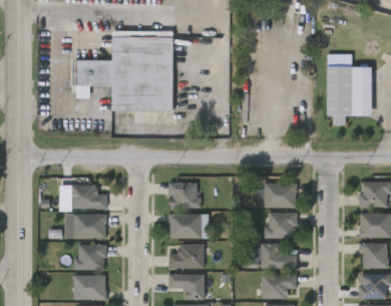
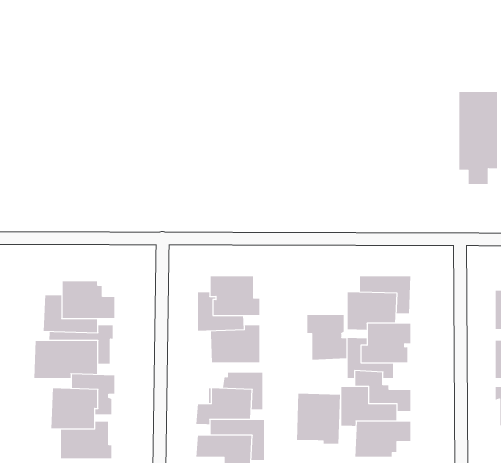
building: [75,32,175,112] -> none
building: none -> [307,314,347,361]
building: none -> [297,393,340,445]

